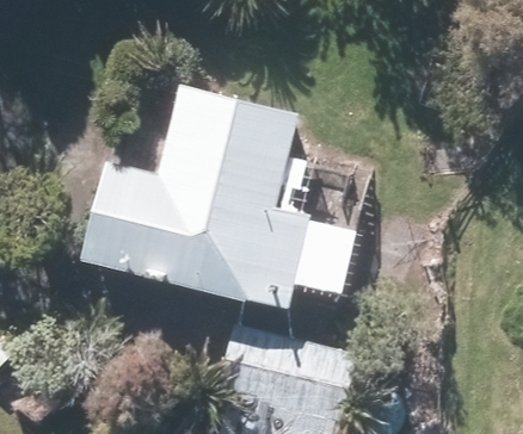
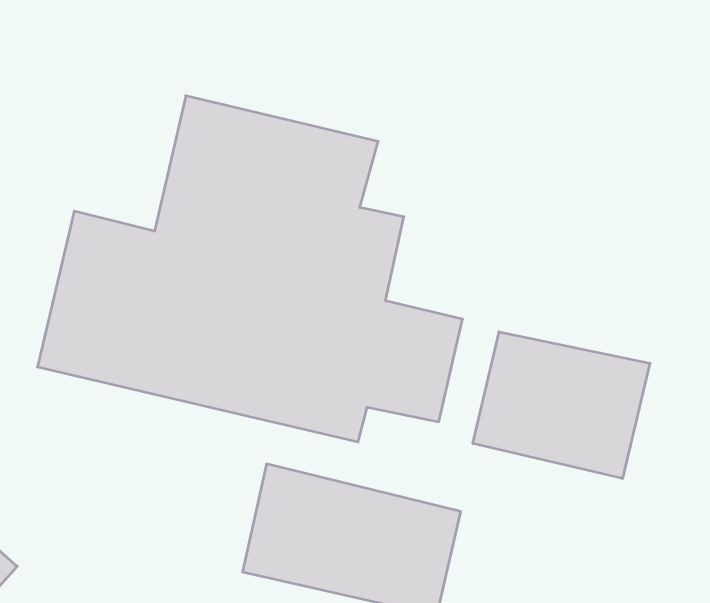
building: none -> [473,332,650,479]

